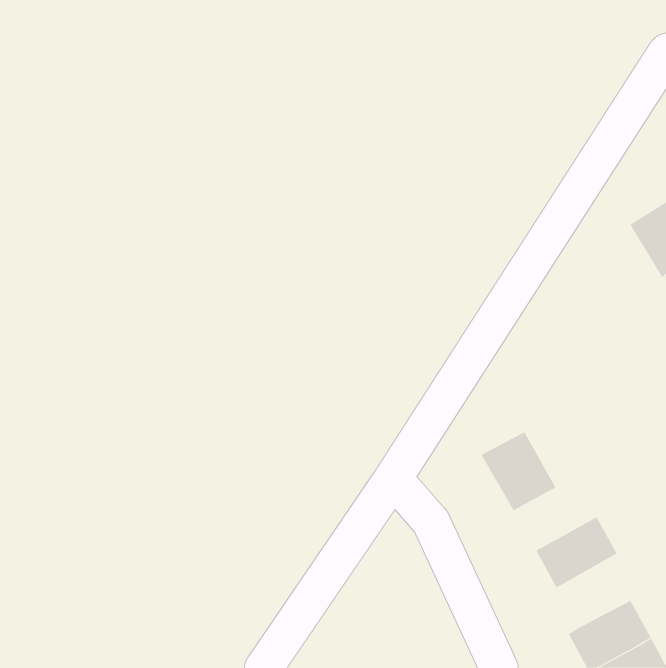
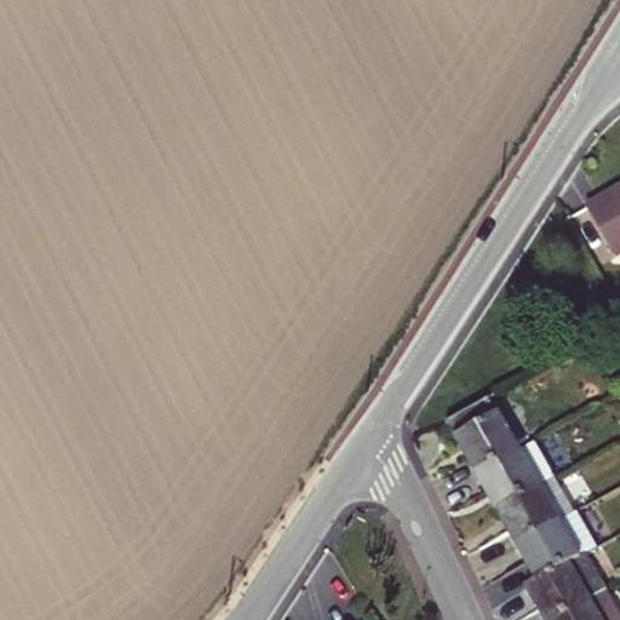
building: none -> [477,442,555,510]
building: none -> [517,513,593,581]

